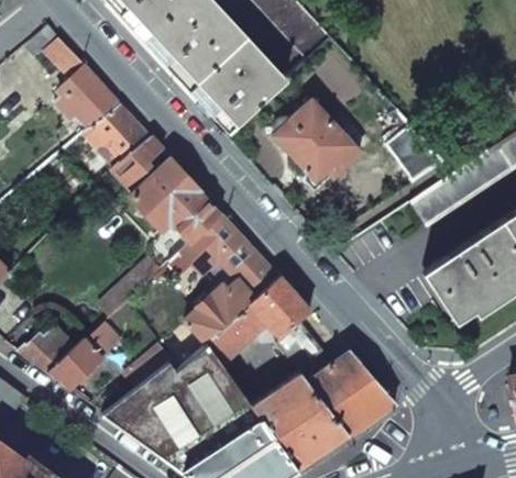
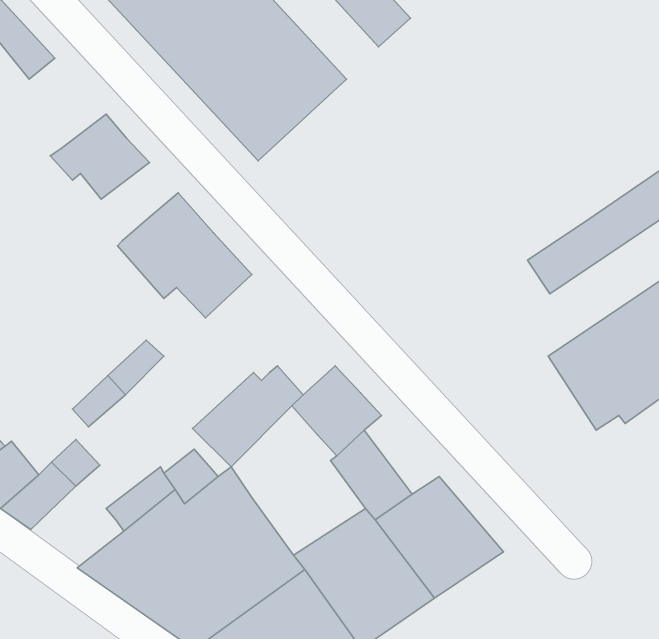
building: [56,66,122,129] -> none
building: [271,100,361,193] -> none
building: [112,137,164,191] -> none
building: [182,214,279,297] -> none
building: [208,304,267,367] -> none

